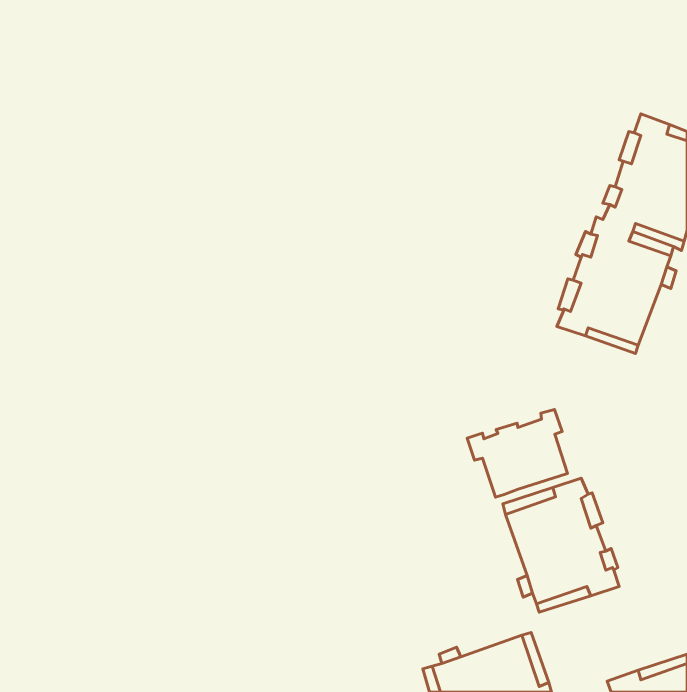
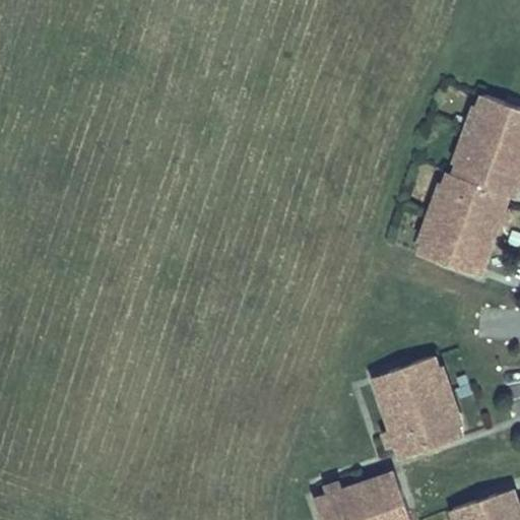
building: [467,409,568,497] -> none

